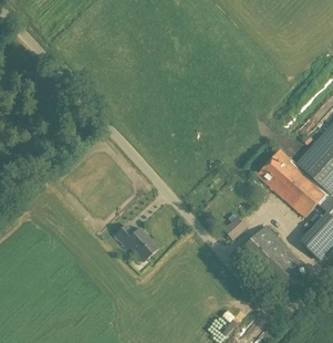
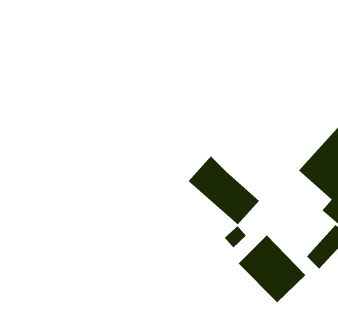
building: [257,148,325,215] -> [188,155,260,225]
building: [114,224,157,260] -> none

